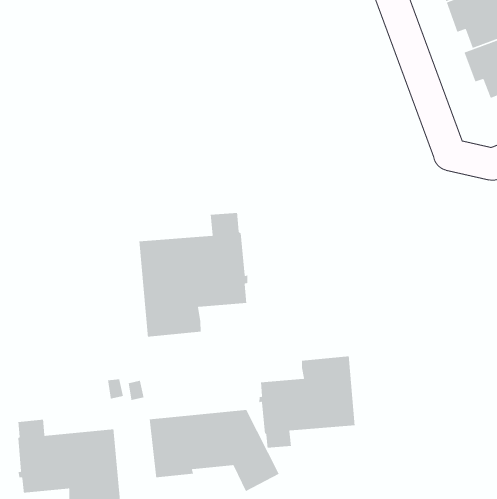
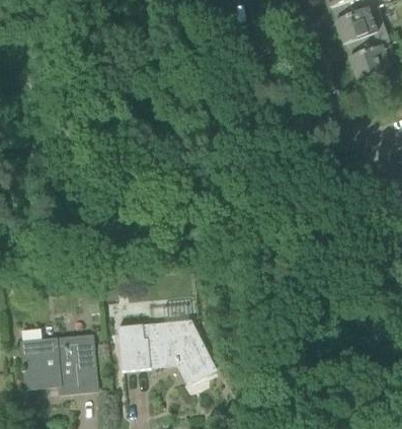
building: [138,212,248,337] -> none
building: [259,355,356,448] -> none

